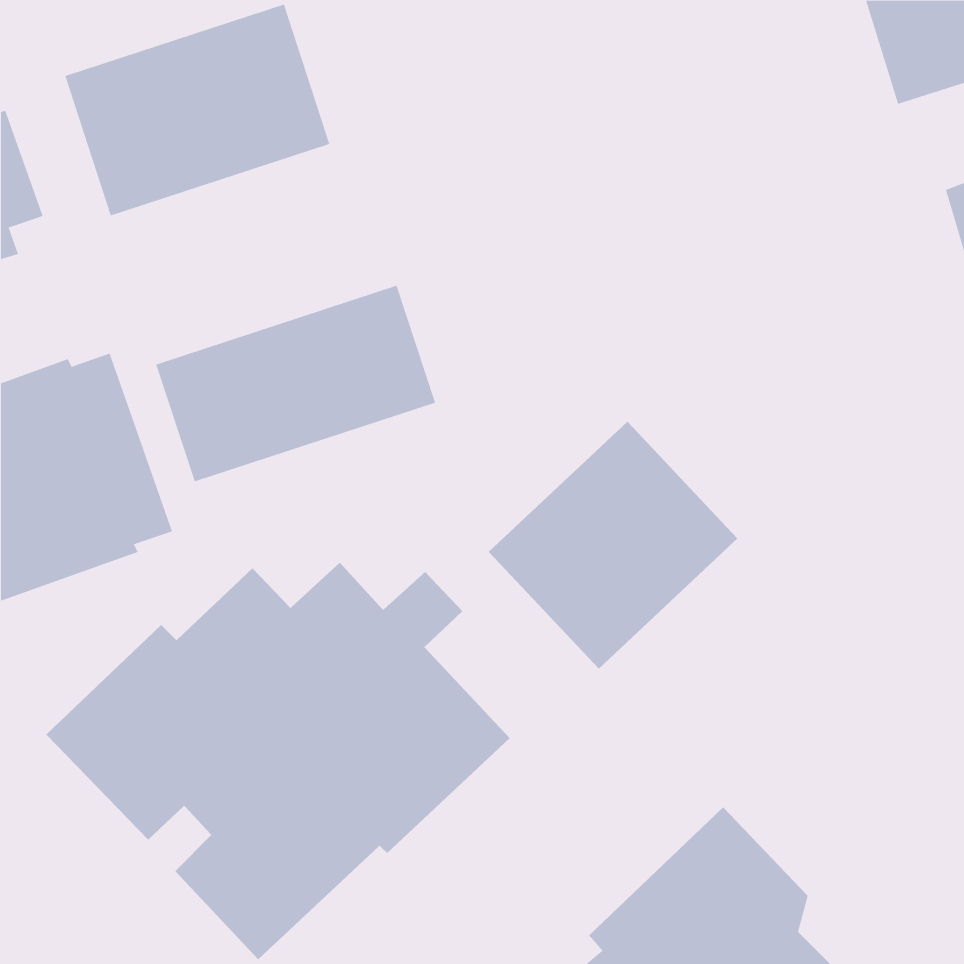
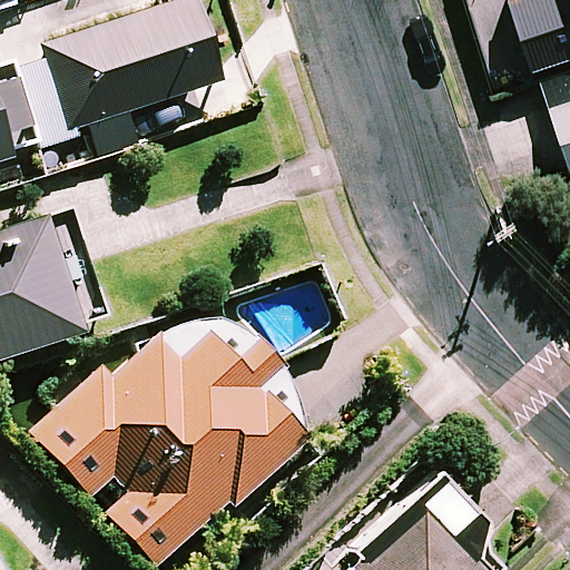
building: [155,285,436,482] -> none
building: [488,421,738,669] -> none

